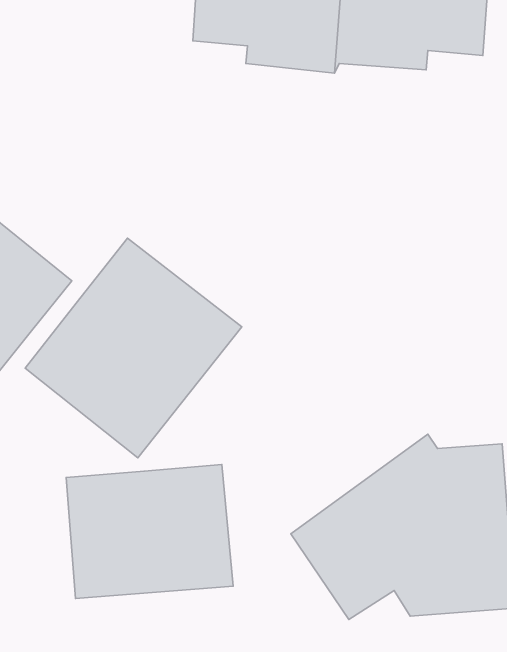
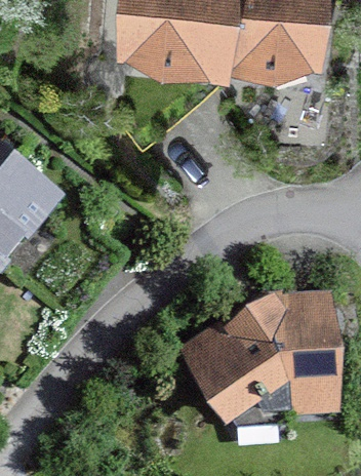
building: [25,238,242,458] -> none
building: [66,465,233,598] -> none

